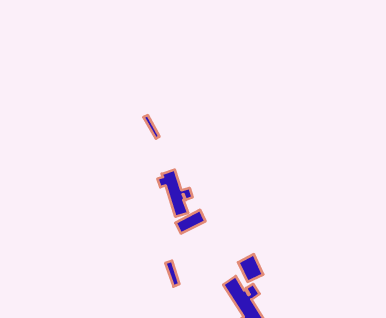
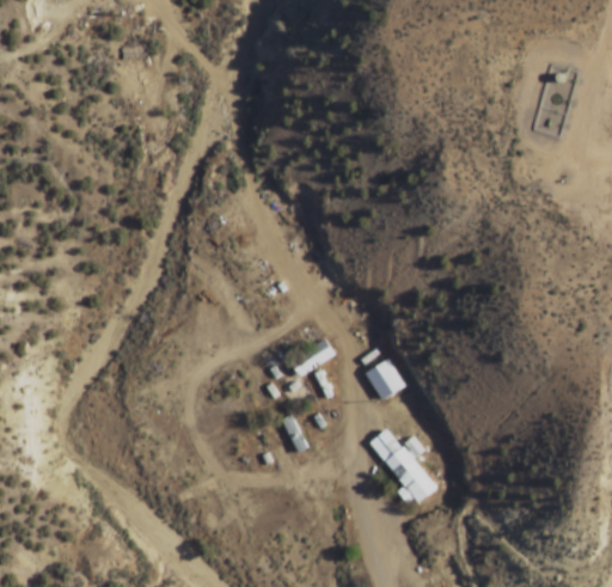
building: [158,170,192,217] -> none
building: [238,254,263,282] -> [366,359,404,399]

